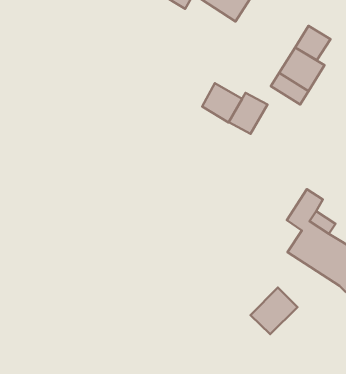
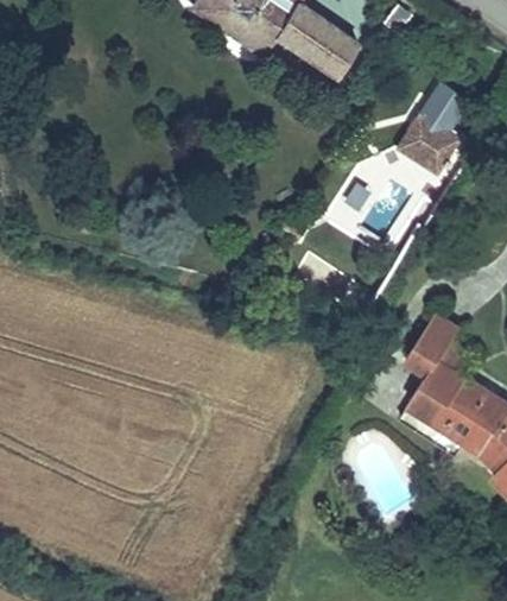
building: [202,83,242,122] -> none
building: [251,287,298,334] -> none

